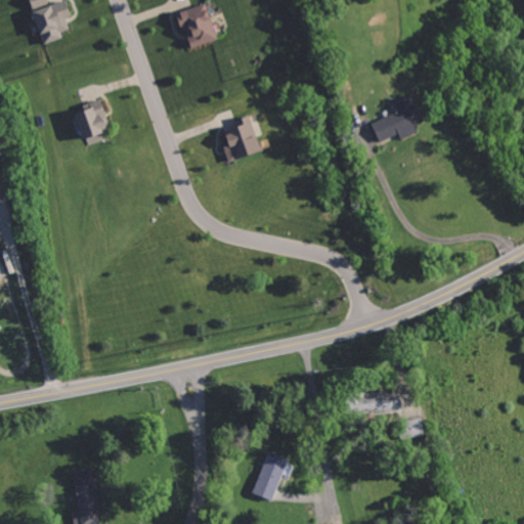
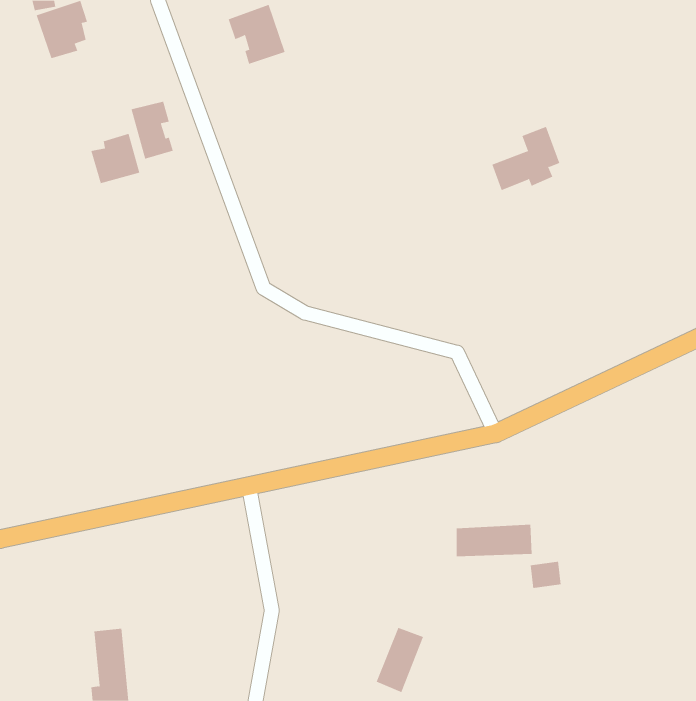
building: none -> [131,101,174,159]
building: [223,116,259,161] -> none
building: [252,452,288,501] -> [376,627,424,693]

